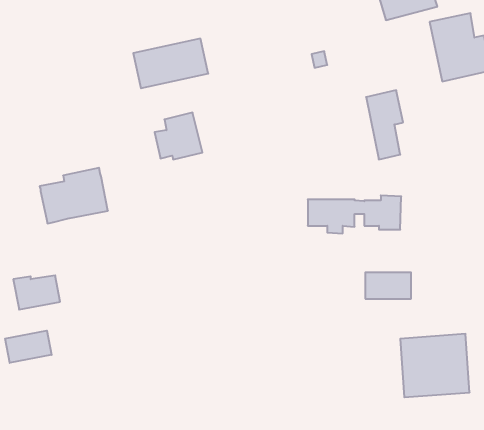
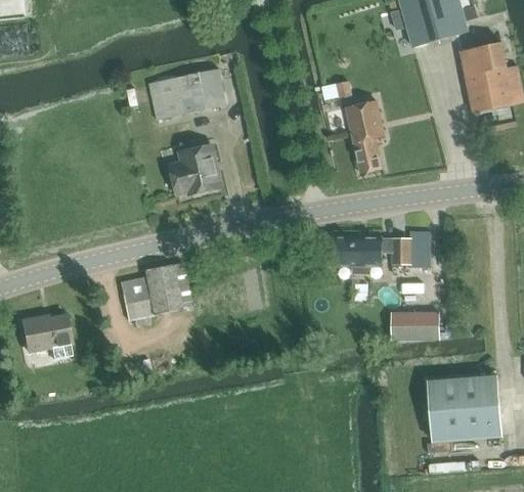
building: [366,90,403,159] -> [345,100,384,173]
building: [40,168,108,223] -> [119,260,190,318]
building: [5,331,52,363] -> none

